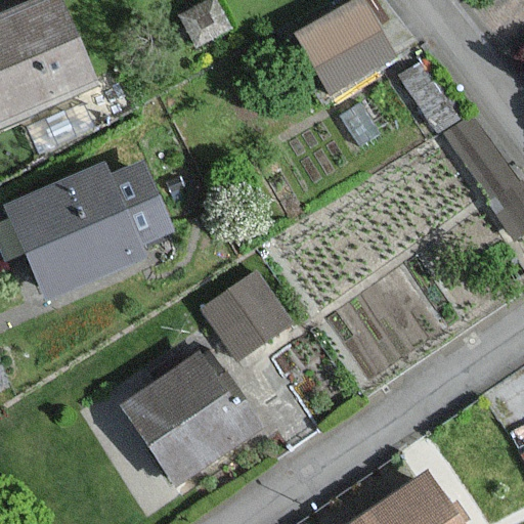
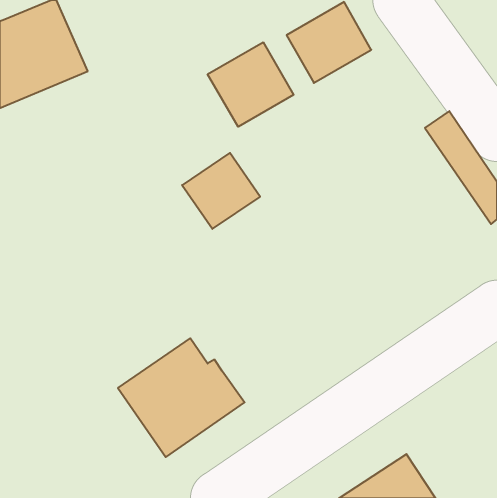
building: none -> [208,42,294,127]
building: [10,165,170,292] -> none
building: [206,275,288,355] -> [182,153,260,229]

